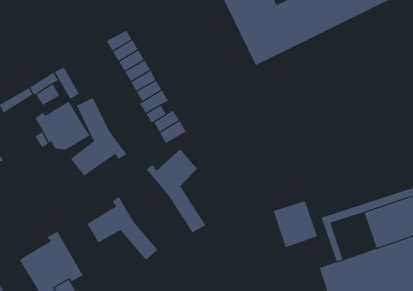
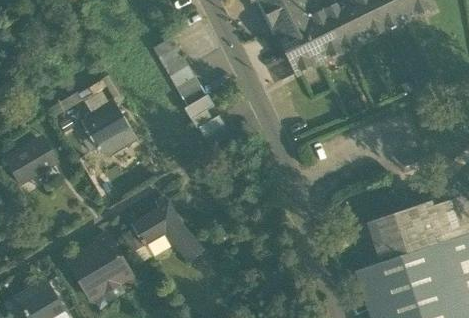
building: [70,97,127,177] -> none
building: [146,148,206,233] -> none
building: [273,201,318,248] -> [372,215,416,261]

